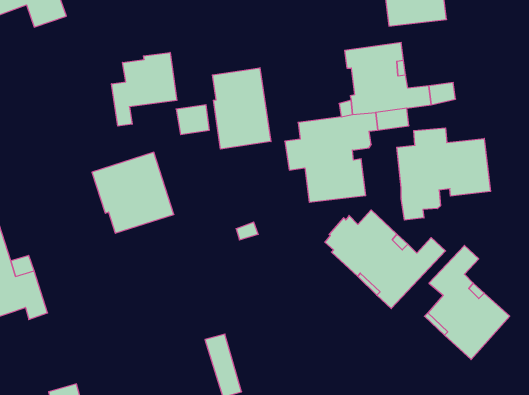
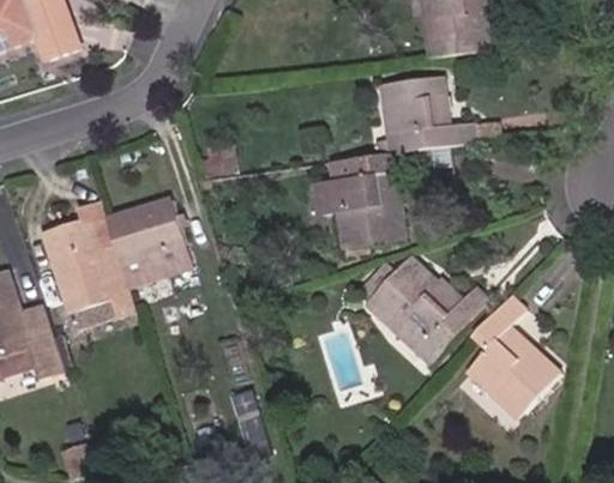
building: [112,52,177,126] -> none
building: [212,68,271,149] -> none
building: [397,128,491,220] -> none
building: none -> [48,197,137,324]

